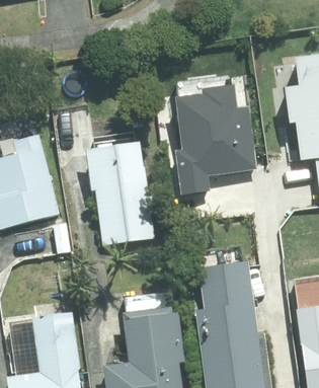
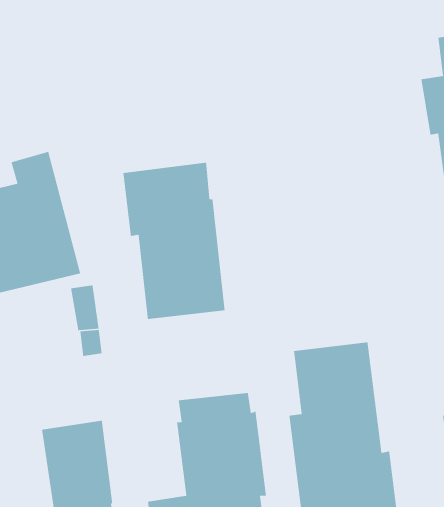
building: [175,84,256,193] -> none

